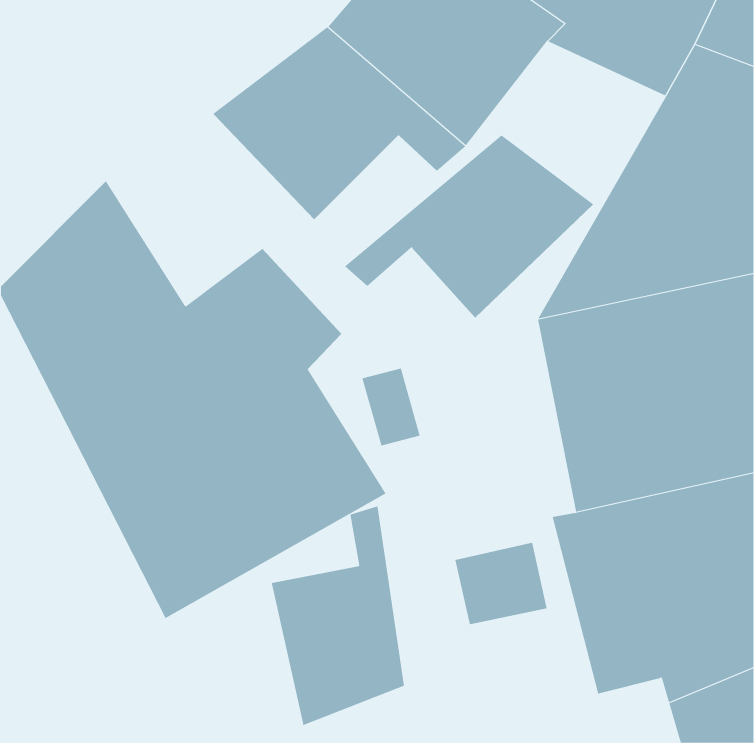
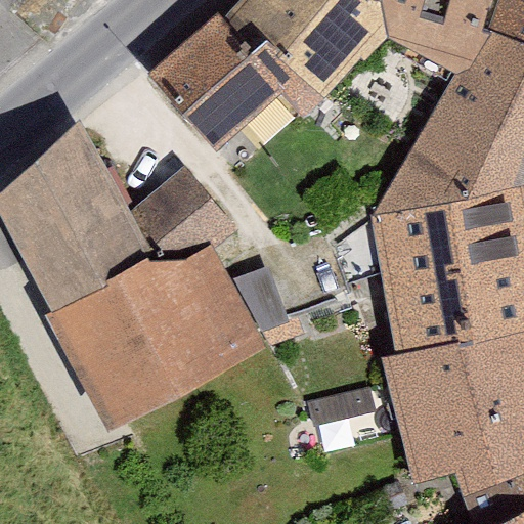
building: [344,135,594,319] -> none
building: [271,506,404,726] -> none

